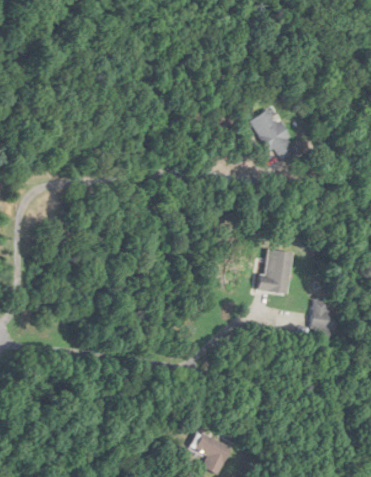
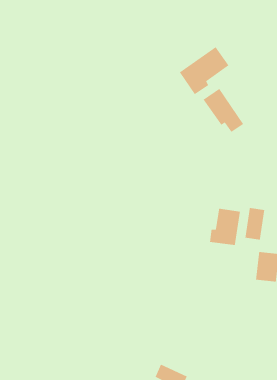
building: none -> [179,46,230,95]
building: none -> [245,207,265,240]

